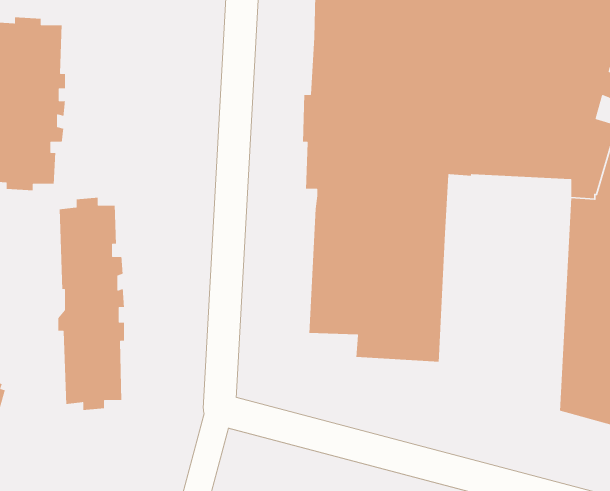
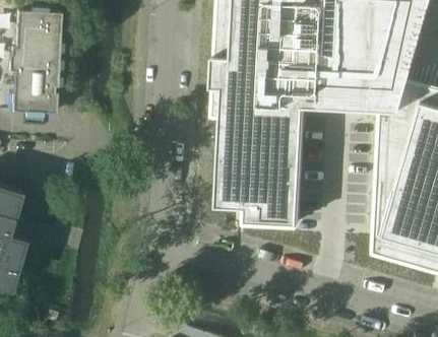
building: [58,197,125,411] -> none

